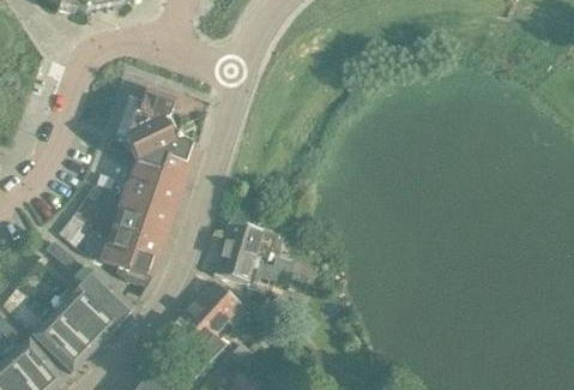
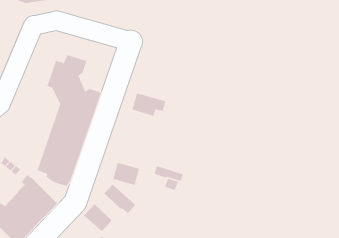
building: [218,221,270,256] -> [132,93,166,116]
building: [185,293,224,332] -> none

